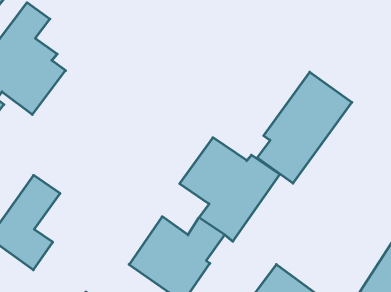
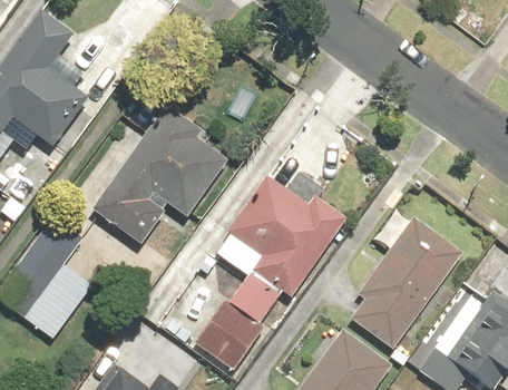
building: [257,72,352,183] -> [349,215,463,350]
building: none -> [94,110,227,243]

